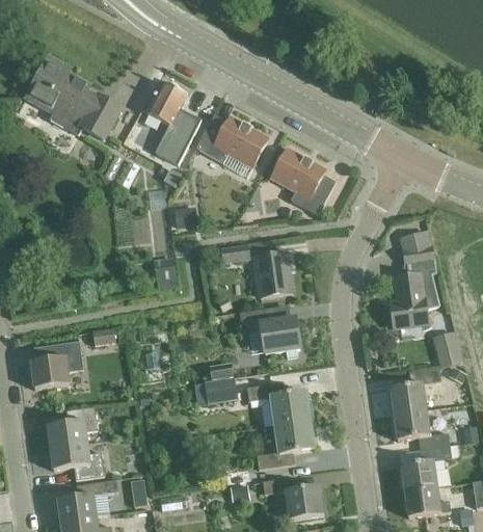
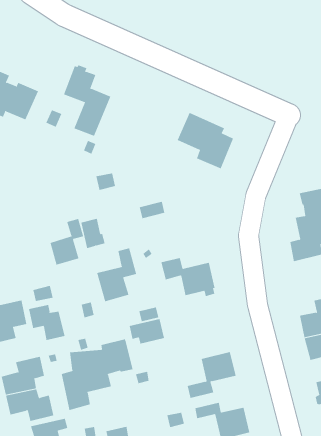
building: [195,113,268,166] -> none
building: [254,252,291,296] -> none
building: none -> [50,218,84,265]
building: none -> [97,248,137,302]
building: none -> [29,304,65,341]
building: [246,383,308,426] -> none
building: none -> [61,338,133,411]

